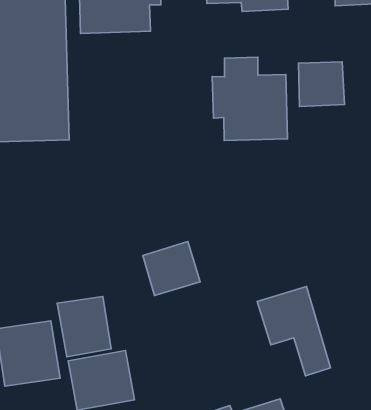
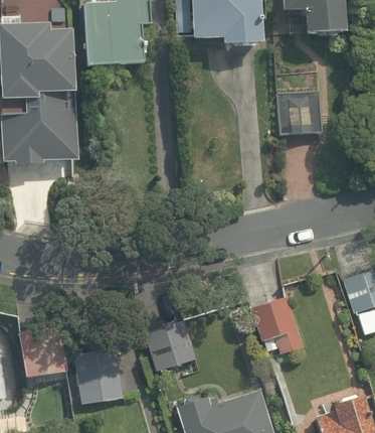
building: [212,57,287,140] -> none
building: [143,242,200,295] -> [146,324,196,372]
building: [57,296,111,357] -> none

